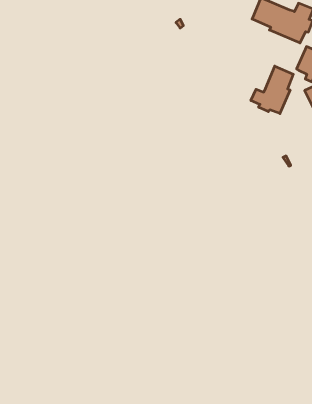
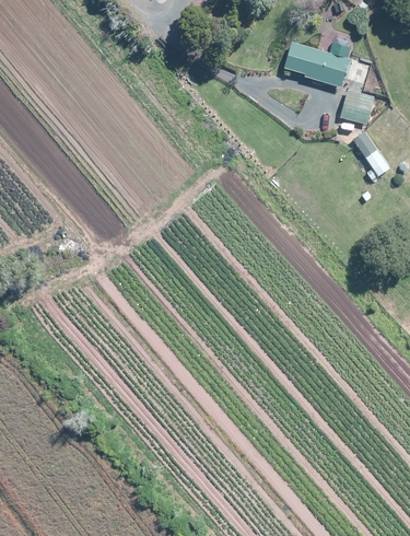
building: [251,66,293,114] -> none

